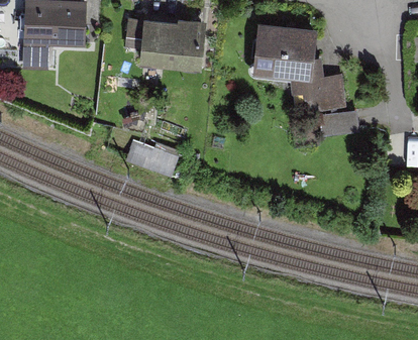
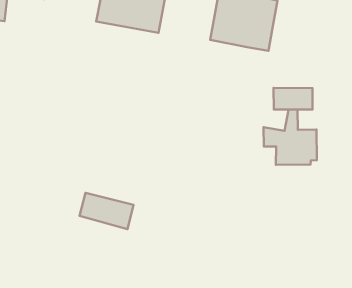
building: [289,55,344,112] -> [263,109,317,165]
building: [128,142,181,175] -> [80,193,133,229]

